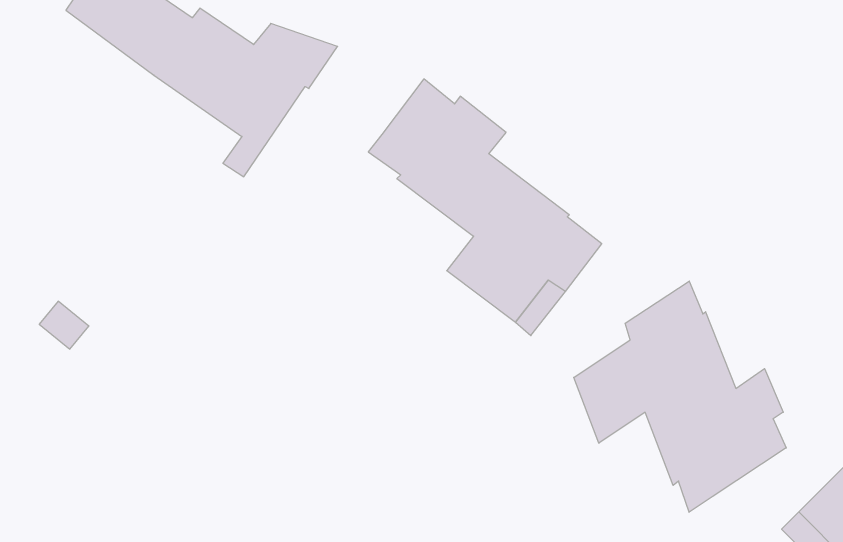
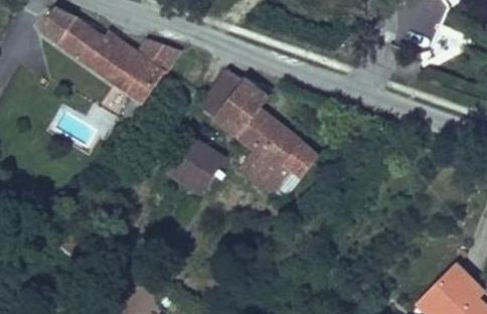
building: none -> [166,135,225,196]
building: [574,281,786,512] -> none

